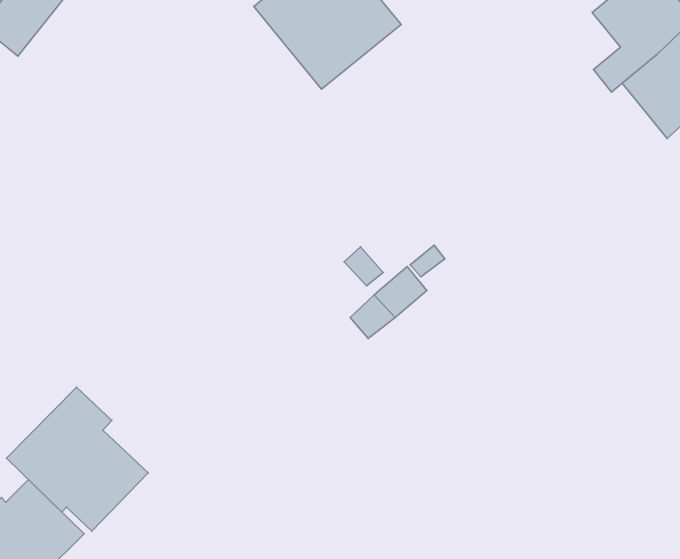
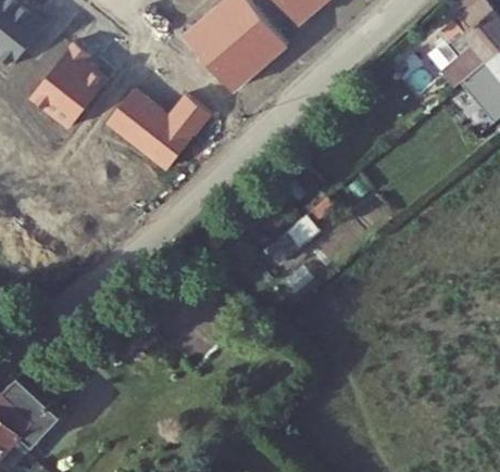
building: none -> [33,43,109,125]
building: none -> [105,87,211,173]
building: [6,387,148,531] -> none

